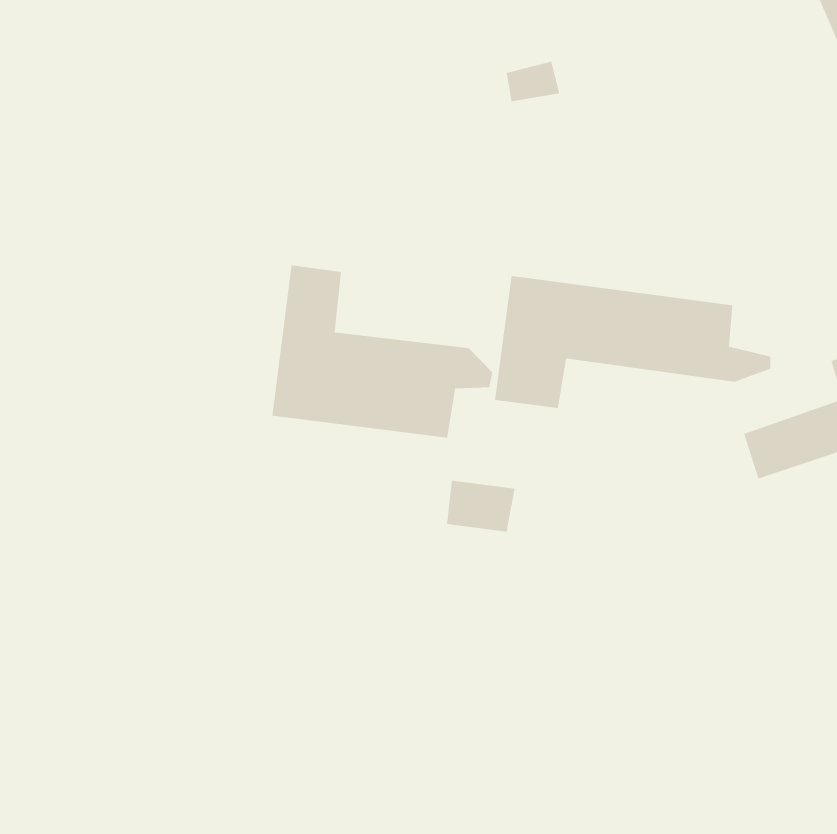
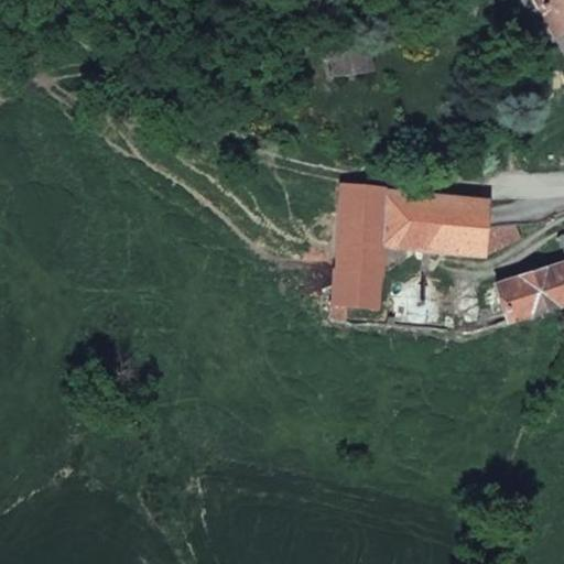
building: [271,265,493,438] -> none
building: [446,480,515,533] -> [330,268,377,303]

